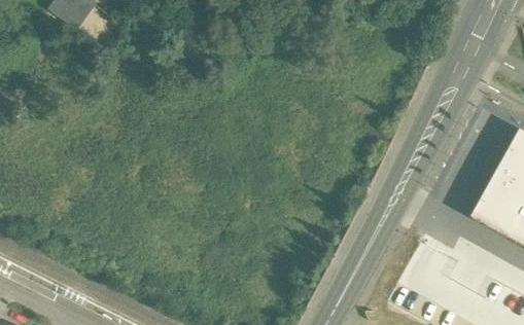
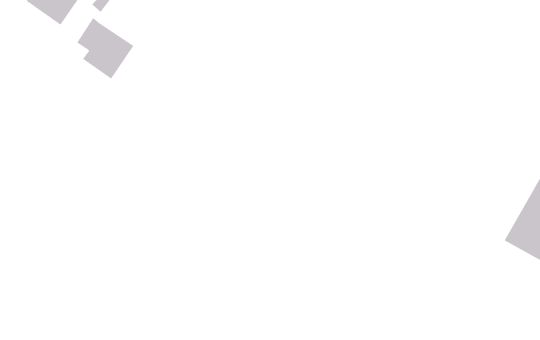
building: none -> [77,17,134,79]

